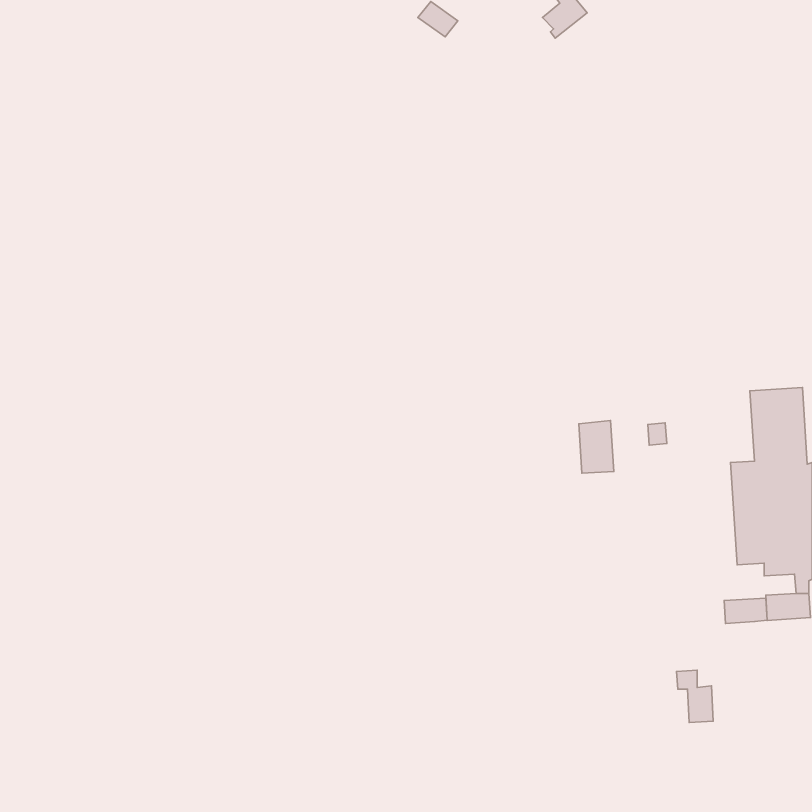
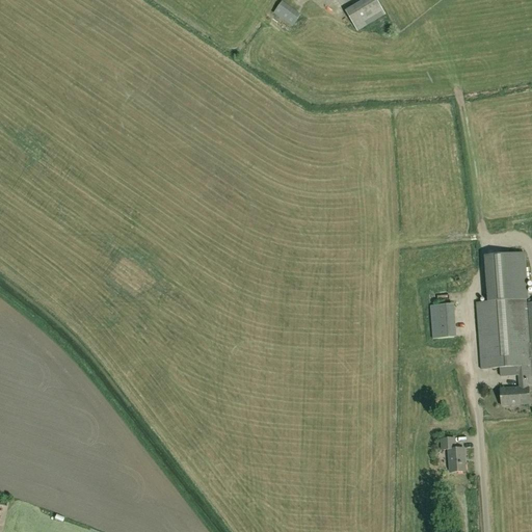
building: [579,421,614,473] -> [430,302,453,337]
building: [724,598,767,624] -> none

